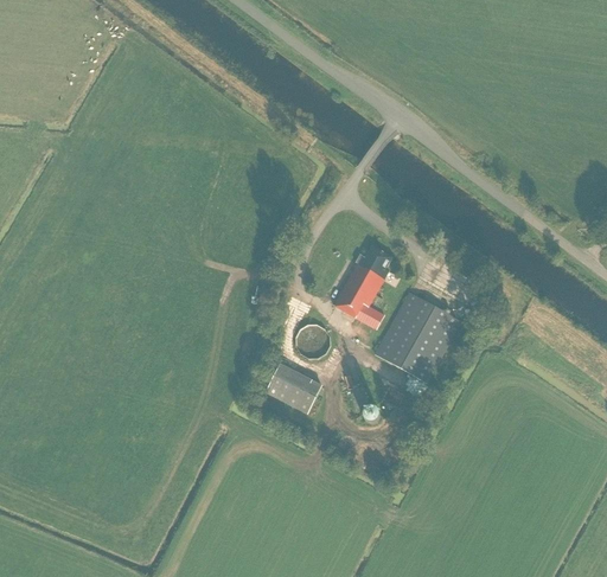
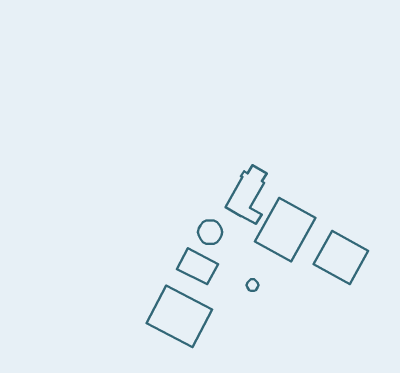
building: none -> [314,231,368,284]
building: none -> [147,285,212,347]

